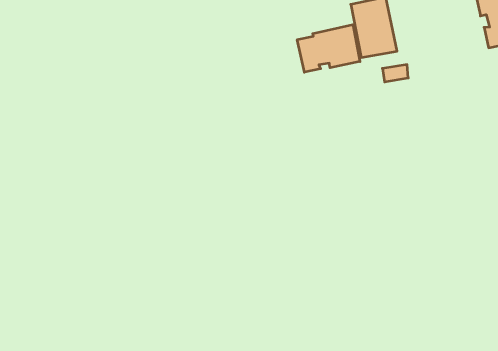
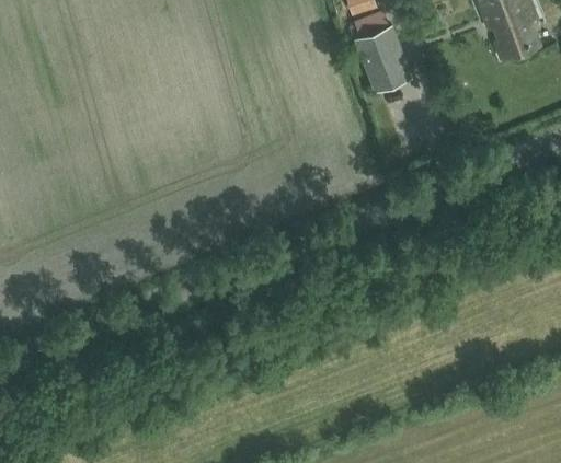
building: [297,25,360,72] -> none

